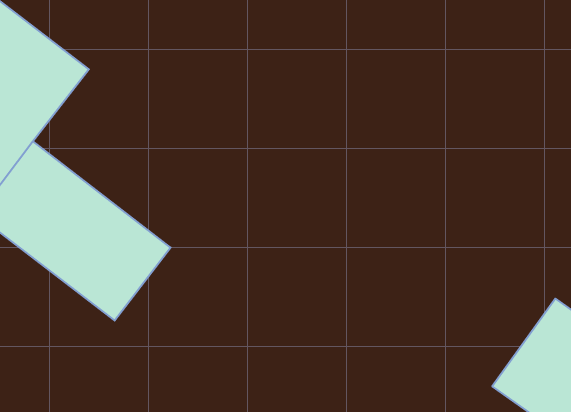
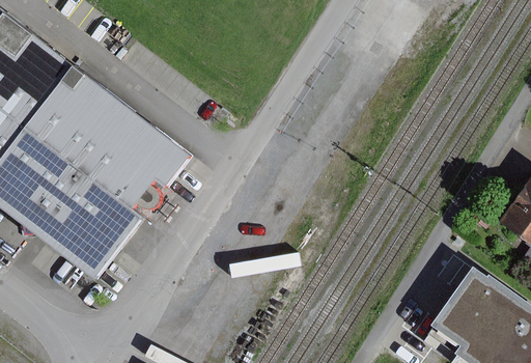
building: none -> [29,67,194,219]

